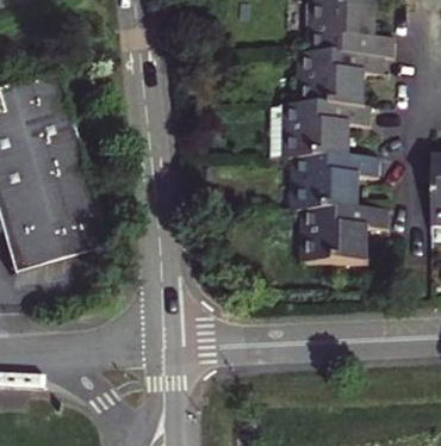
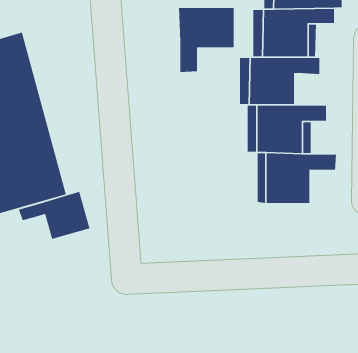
building: none -> [178,7,234,73]
building: none -> [18,191,90,240]

